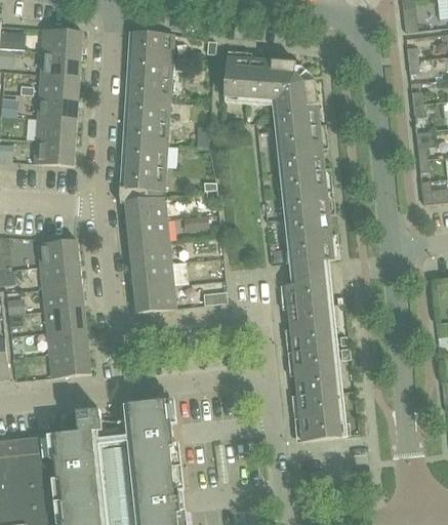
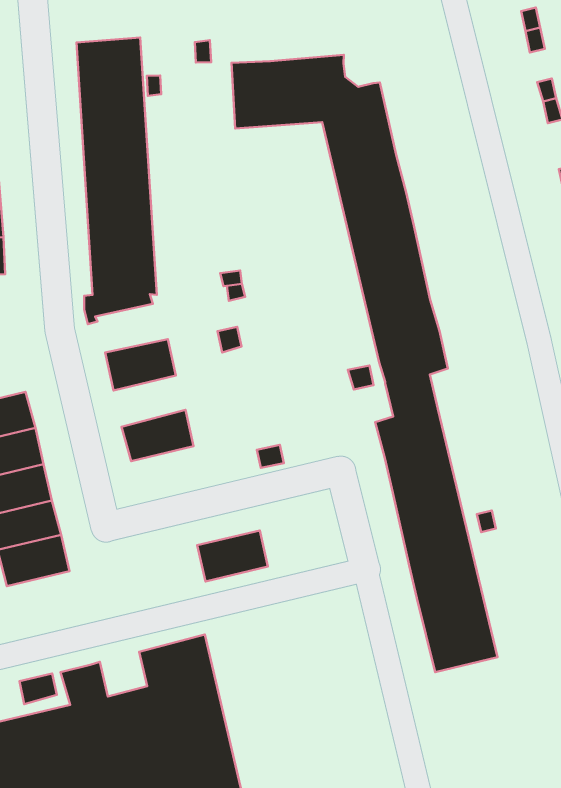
building: [124,196,166,221] -> none
building: [129,241,171,268] -> none
building: [134,285,175,312] -> [197,530,268,582]
building: [49,351,90,377] -> none

